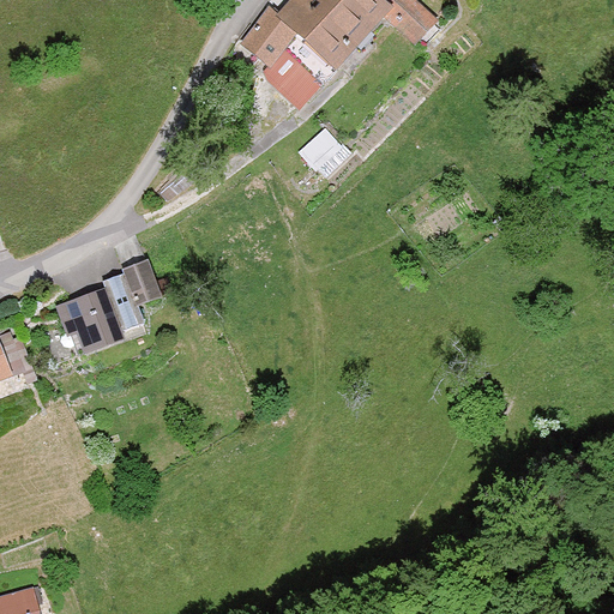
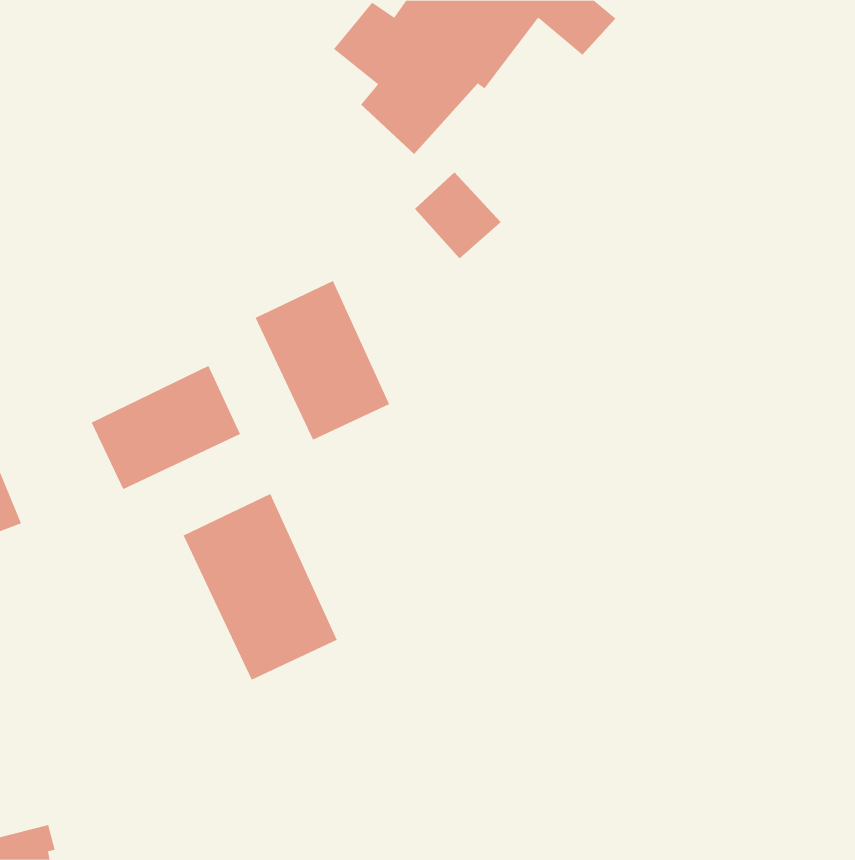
building: none -> [255,280,390,441]
building: none -> [183,493,338,681]

